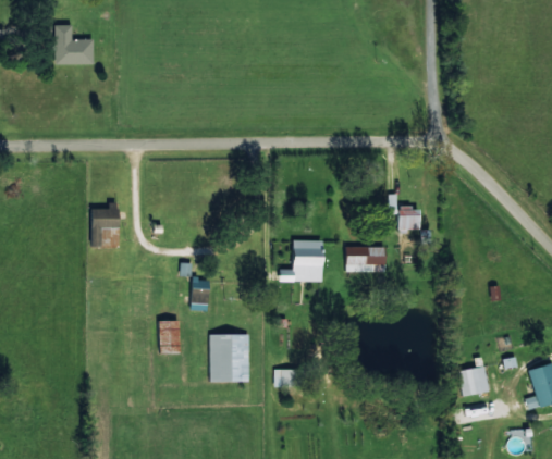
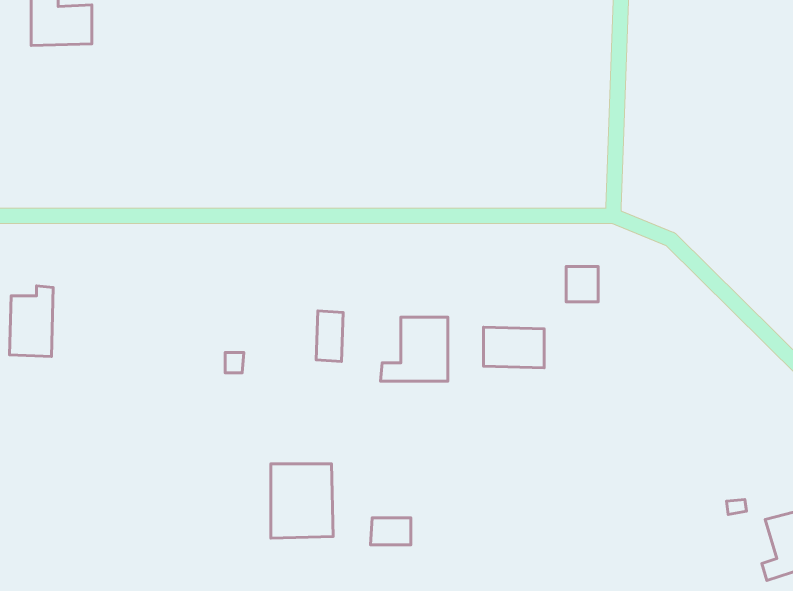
building: [91,201,120,247] -> [9,286,53,357]
building: [192,277,209,310] -> [316,311,343,361]
building: [158,320,181,353] -> none
building: [457,364,489,396] -> none

